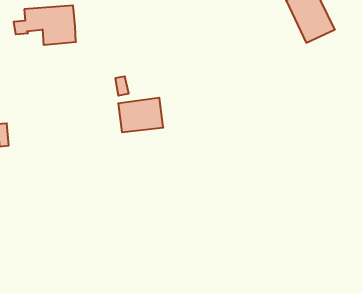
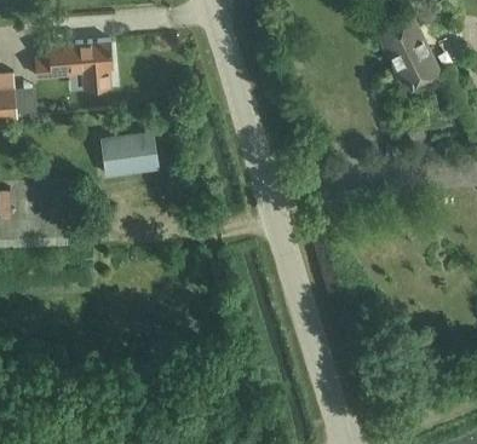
building: [118,98,163,132] -> [99,133,156,177]

